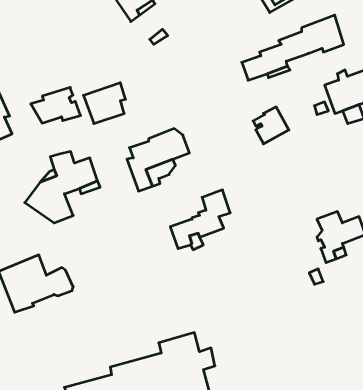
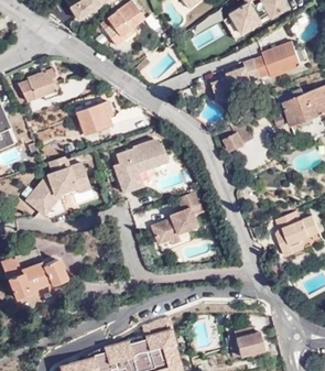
building: [31,87,81,123] -> [19,69,62,100]
building: none -> [228,329,264,354]

